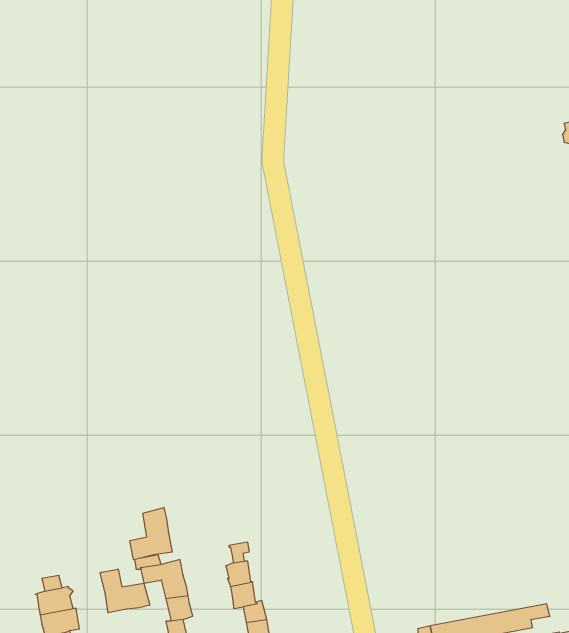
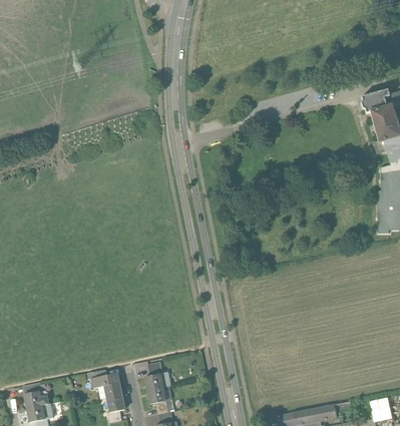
building: [130,507,172,560] -> none
building: [100,569,150,613] -> none

